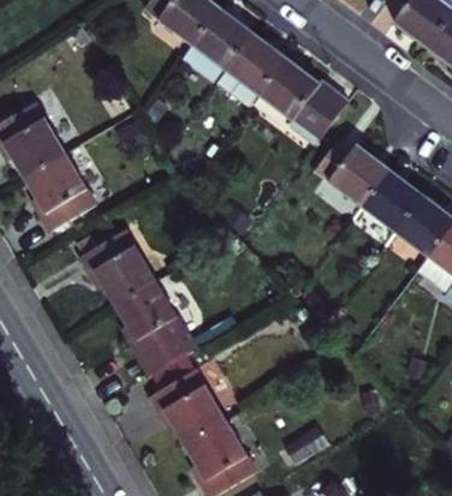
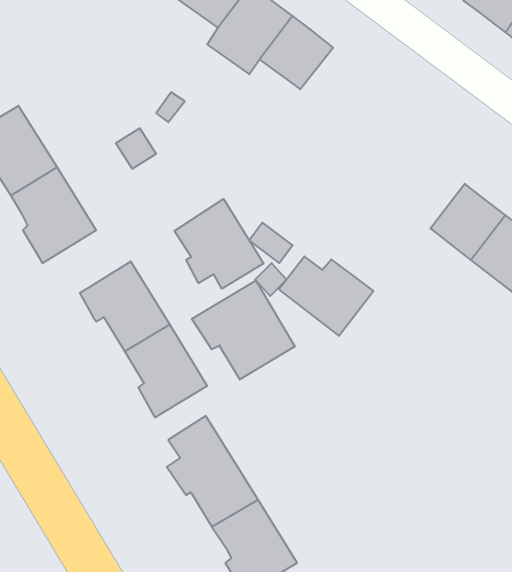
building: [260,60,351,145] -> none
building: [316,142,392,205] -> [279,256,373,336]
building: none -> [174,199,263,289]
building: none -> [192,280,295,380]

